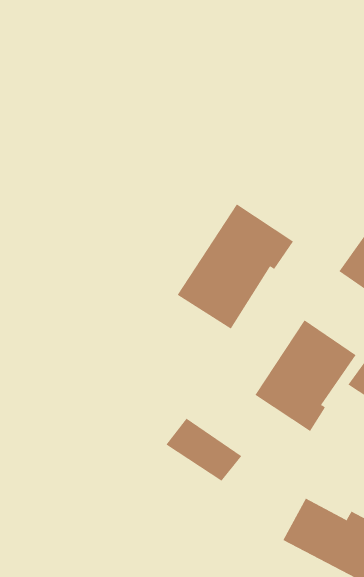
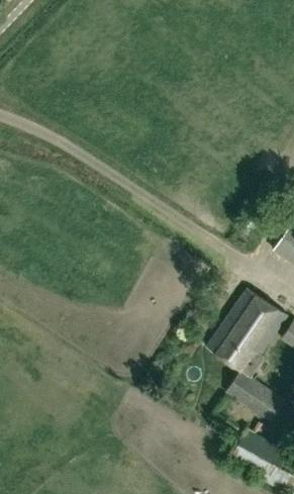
building: [177,204,294,330] -> none
building: [166,418,242,482] -> [224,372,285,422]

